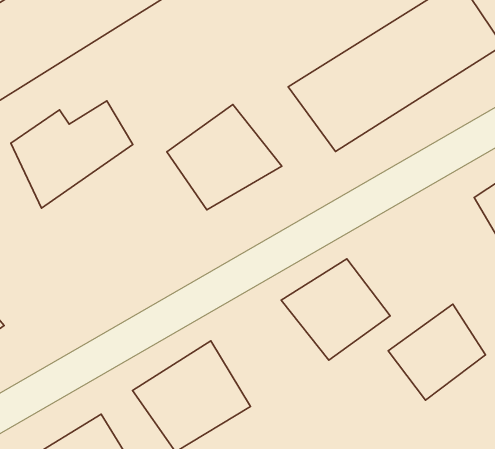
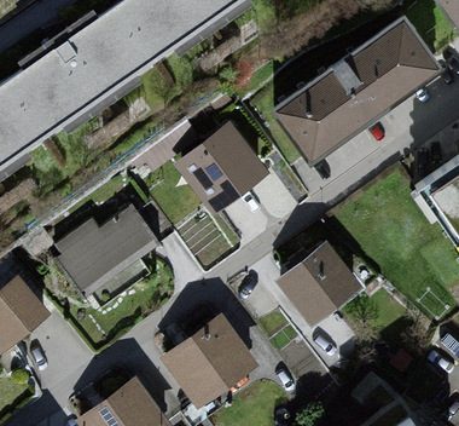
building: [11,101,133,208] -> [58,209,156,299]
building: [388,304,486,400] -> none

